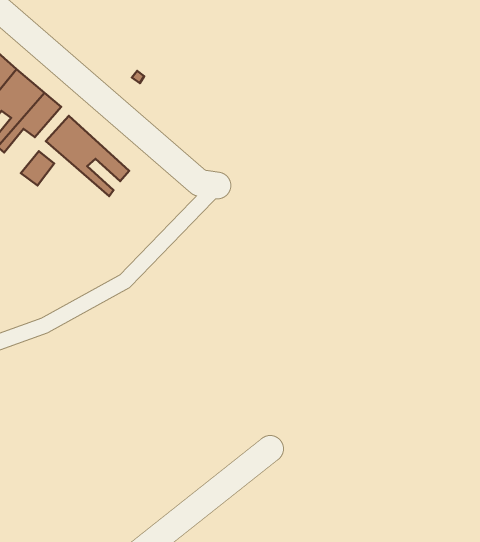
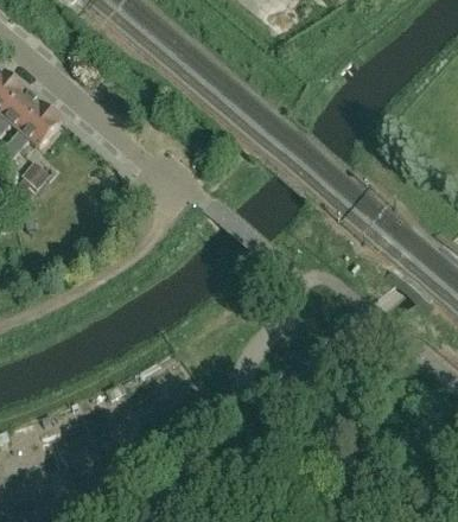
building: [46,116,129,196] -> none

